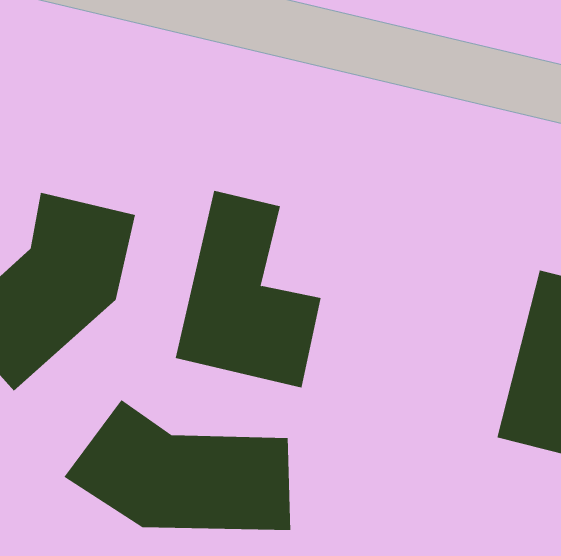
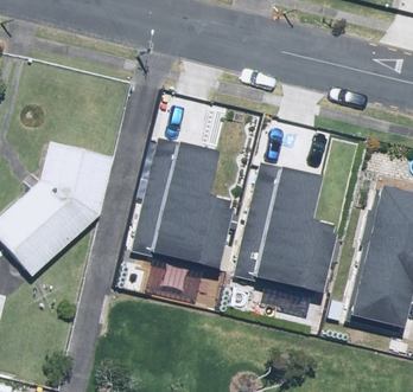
building: none -> [236,165,335,296]
building: [63,399,291,531] -> none

